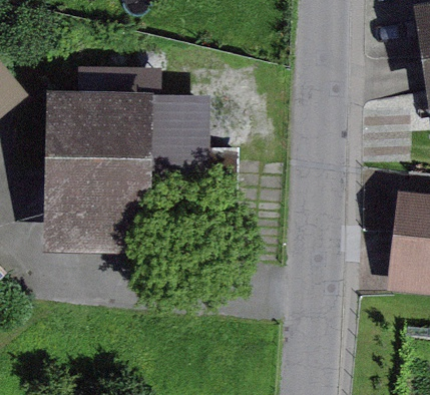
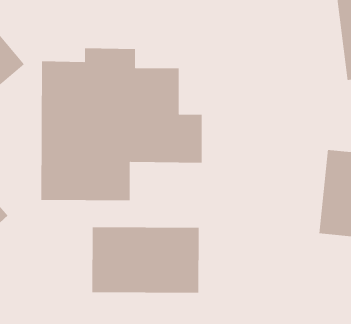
building: none -> [92,227,199,294]

